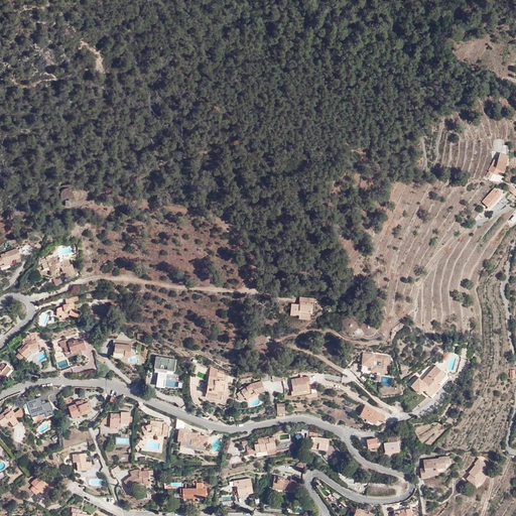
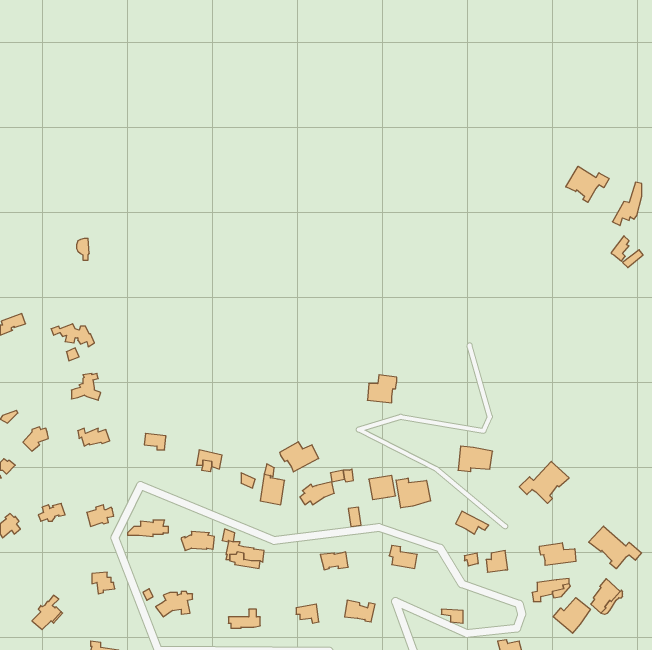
building: none -> [566,166,609,202]
building: none -> [280,442,319,472]
building: none -> [396,478,431,508]
building: none -> [589,526,642,569]
building: none -> [539,543,576,565]
building: none -> [553,598,590,633]

